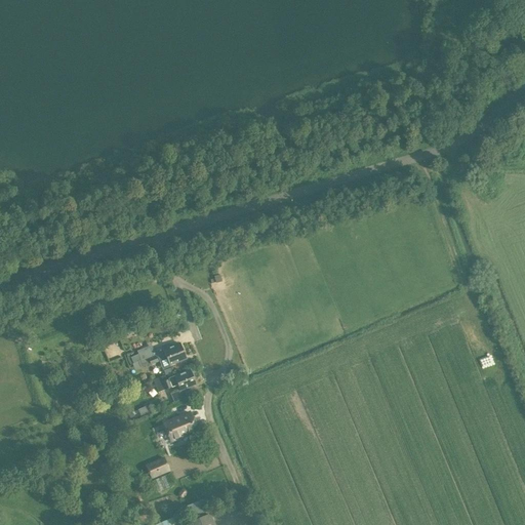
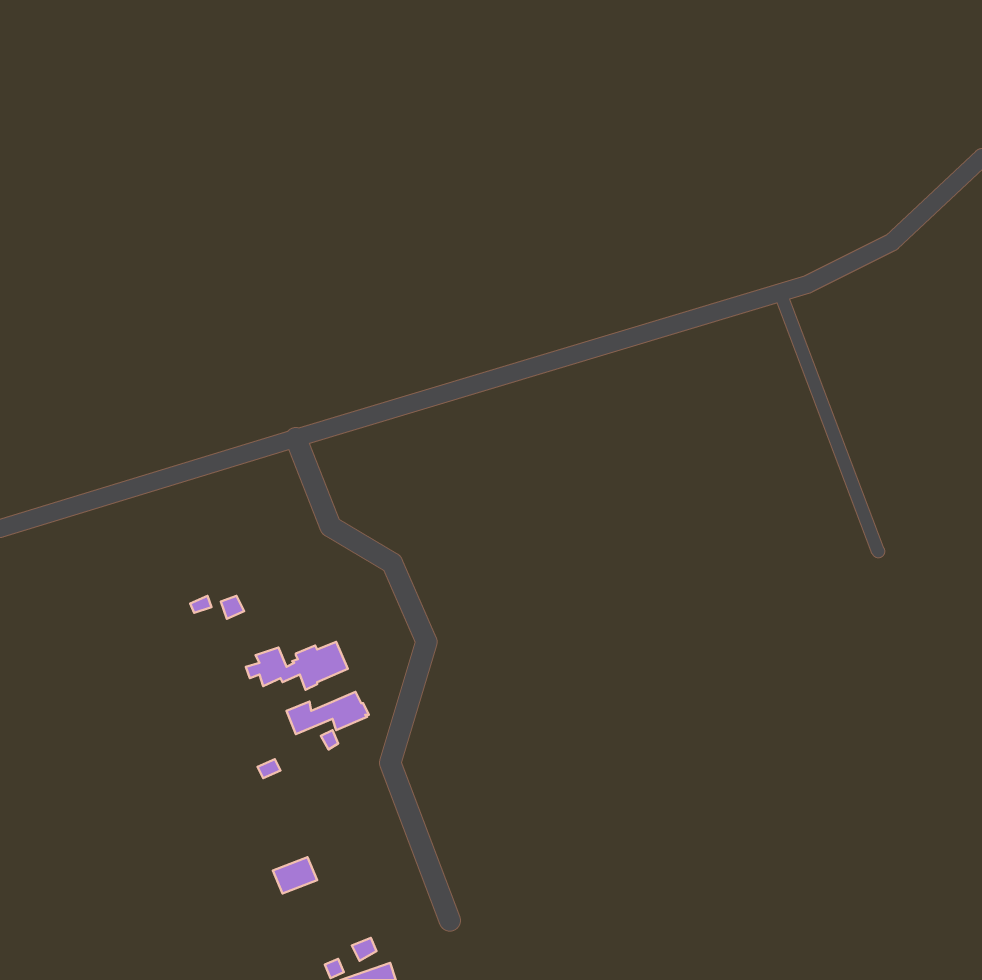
building: [163,411,197,439] -> none

